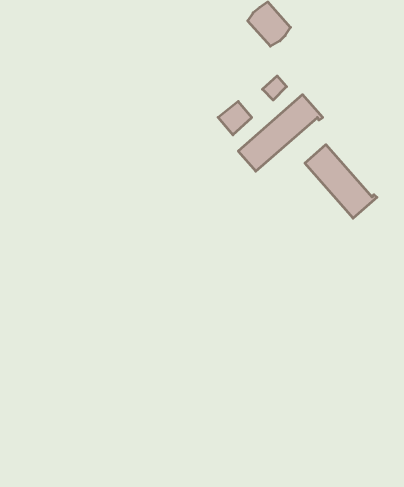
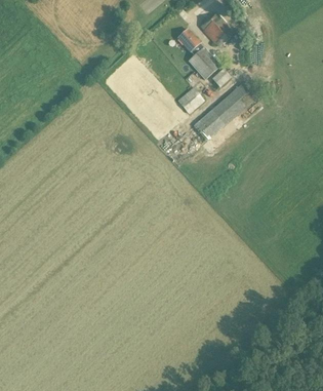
building: none -> [177,29,219,80]
building: [305,145,377,218] -> none

